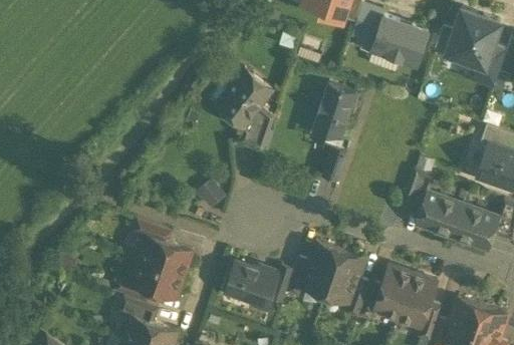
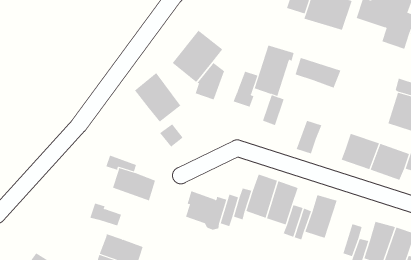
building: none -> [295,57,341,89]
building: none -> [233,71,258,108]
building: none -> [134,72,181,123]
building: [404,167,436,209] -> [296,120,322,154]
building: [132,257,186,297] -> none
building: [399,272,438,326] -> none
building: [118,296,158,319] -> none

